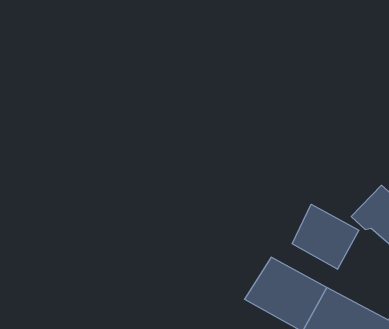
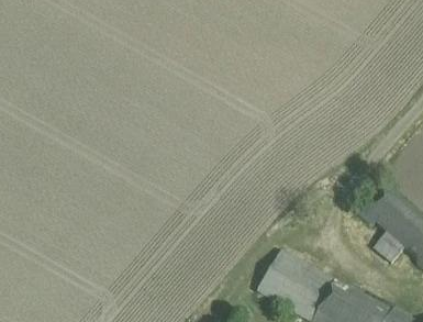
building: [292,204,359,269] -> none

